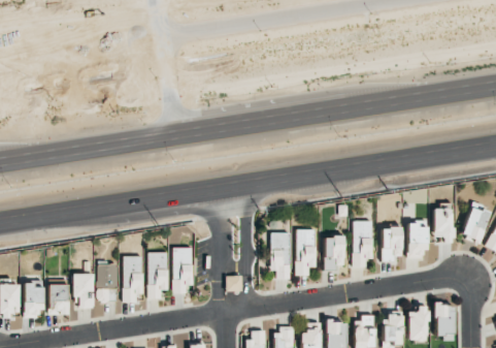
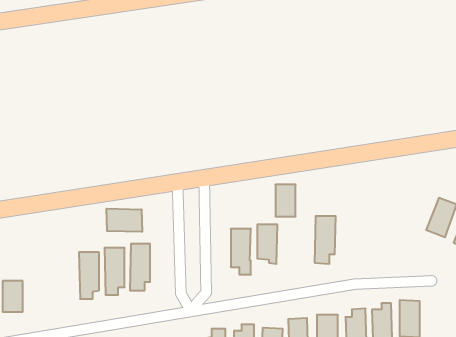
building: [434,209,454,238] -> none
building: none -> [107,209,142,232]
building: [408,221,428,257] -> none
building: [382,227,402,259] -> none
building: [325,236,344,267] -> [275,185,296,216]
building: [98,263,120,300] -> none
building: [74,274,94,309] -> none

